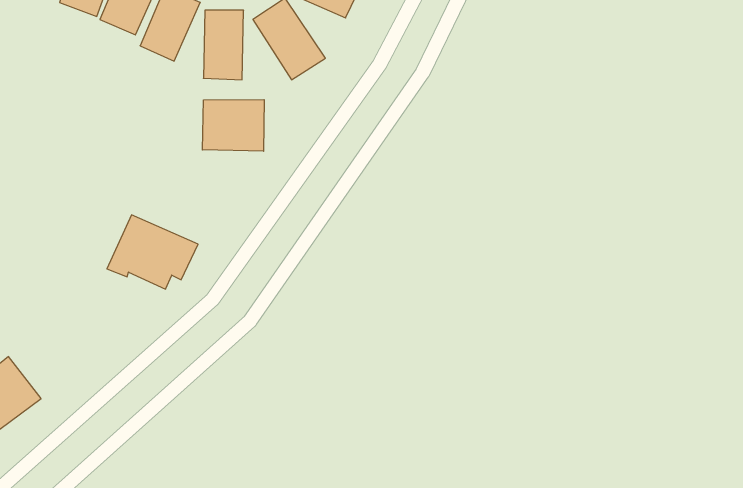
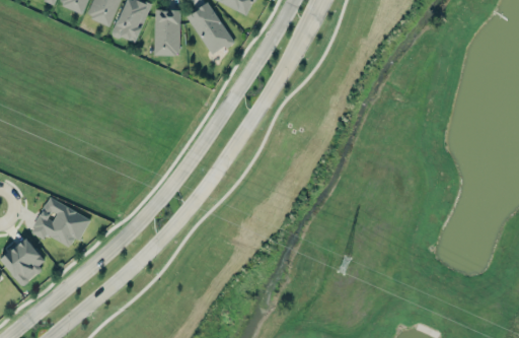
building: [202,100,264,151] -> none
building: [107,215,198,289] -> [31,197,91,246]

